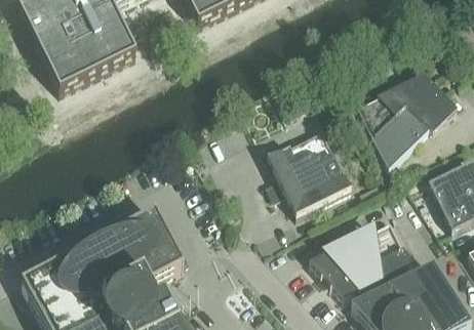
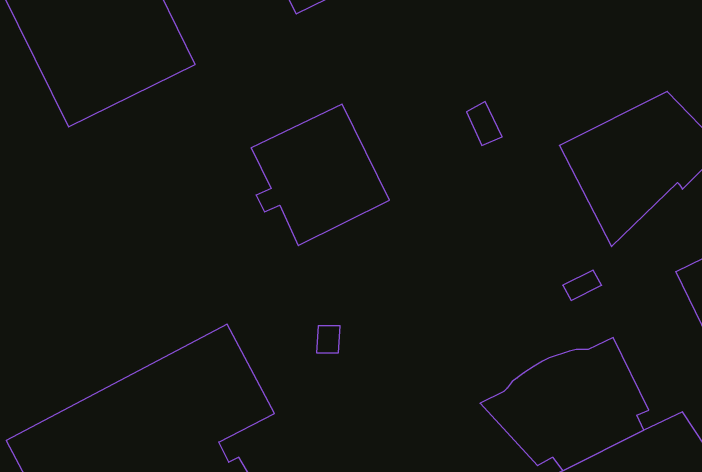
building: [267,125,351,211] -> [251,104,389,246]

